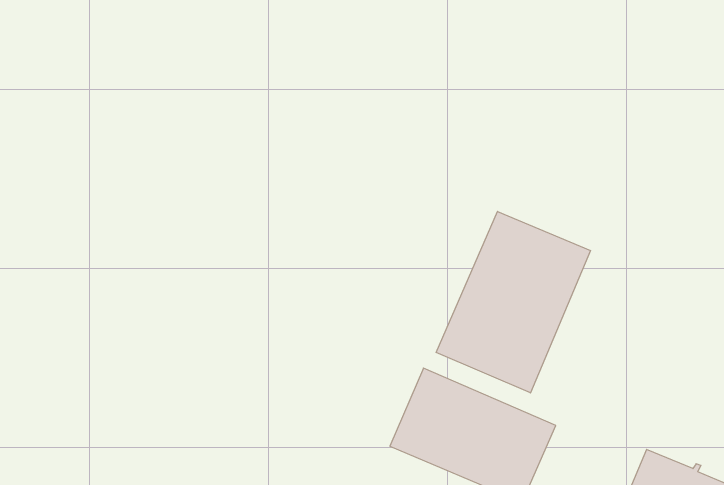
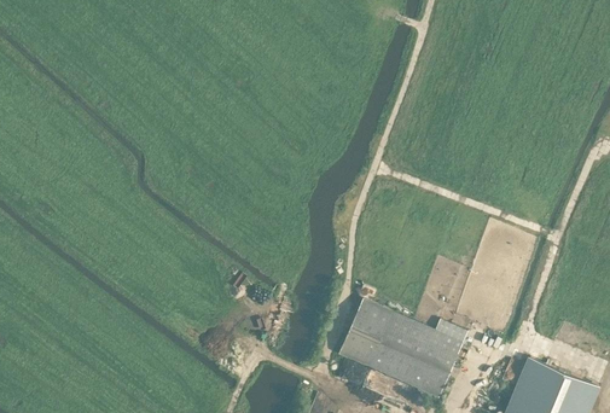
building: [436,211,591,393] -> none

